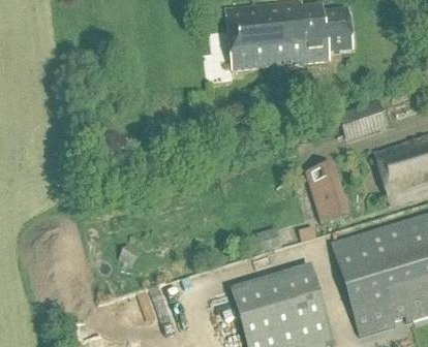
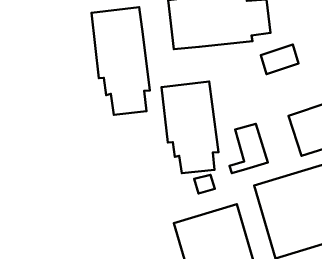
building: none -> [91,7,150,115]
building: [339,98,387,135] -> [261,45,298,74]
building: none -> [162,82,218,173]

